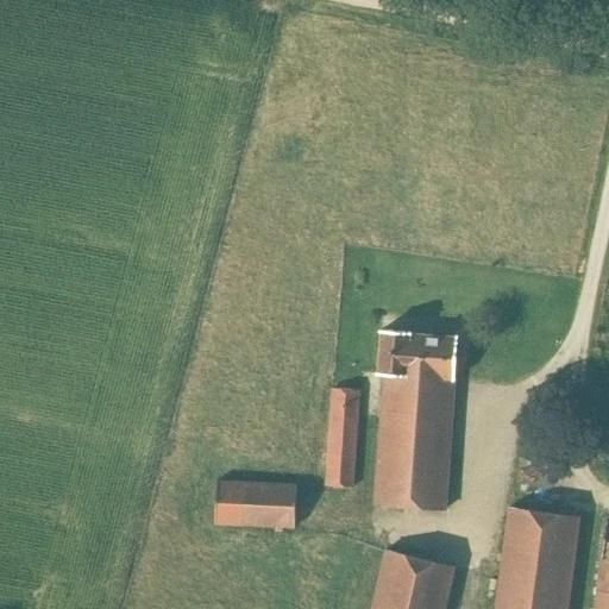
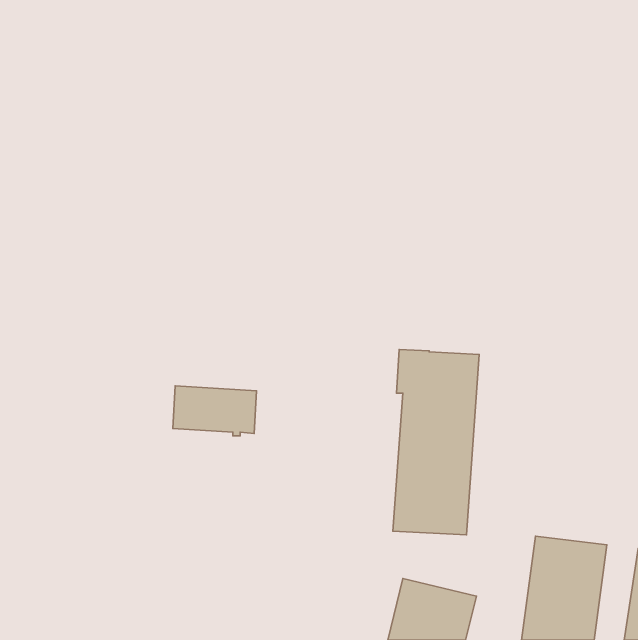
building: [326,389,362,485] -> none
building: [215,482,295,529] -> [173,386,257,436]

